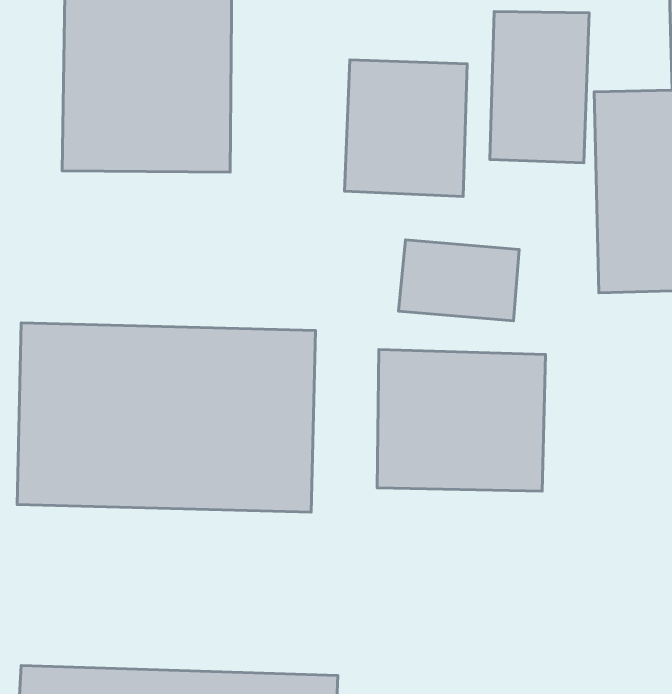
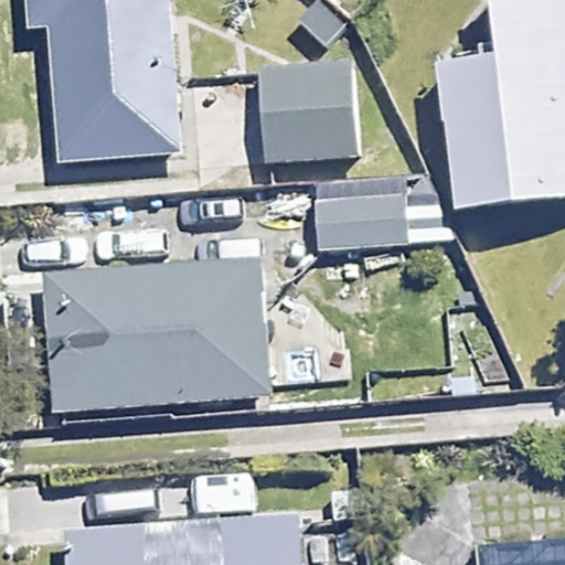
building: [490,12,589,163] -> none
building: [377,349,546,491] -> none

